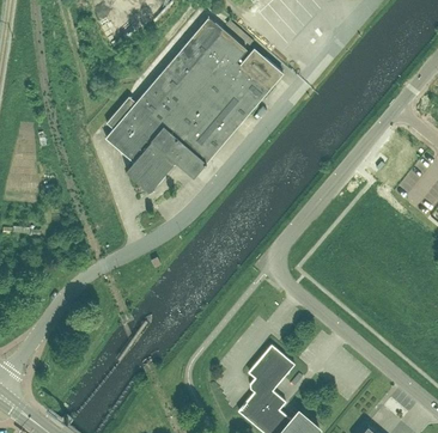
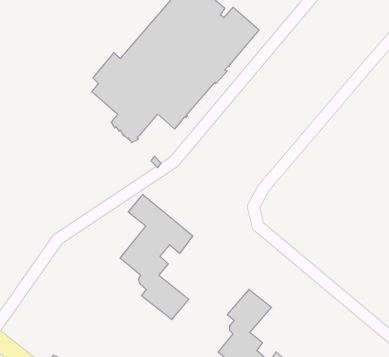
building: none -> [120,194,193,320]

